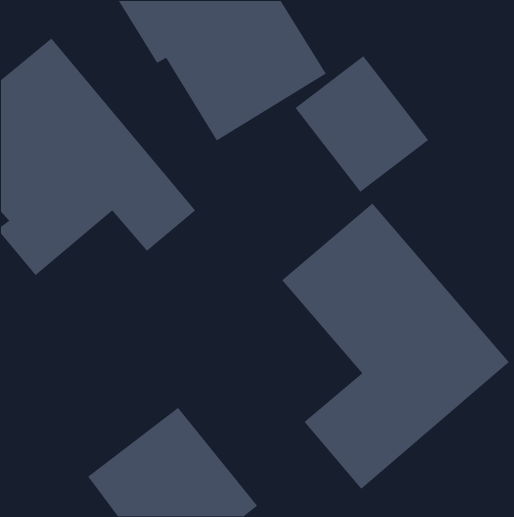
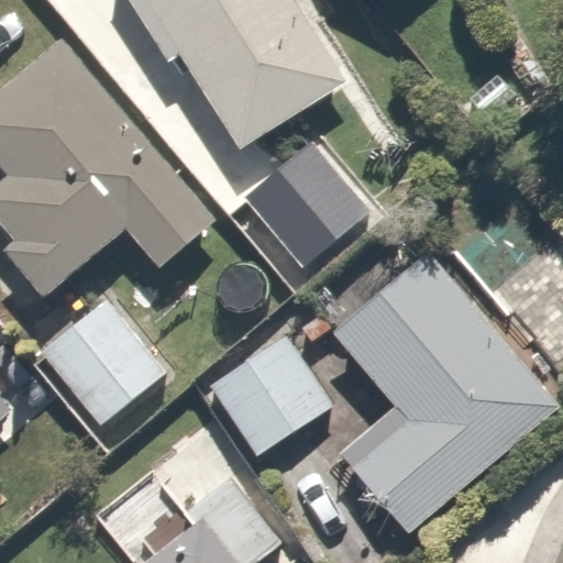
building: [295,55,429,193] -> [234,133,380,283]
building: none -> [43,300,165,424]
building: none -> [209,339,331,453]

